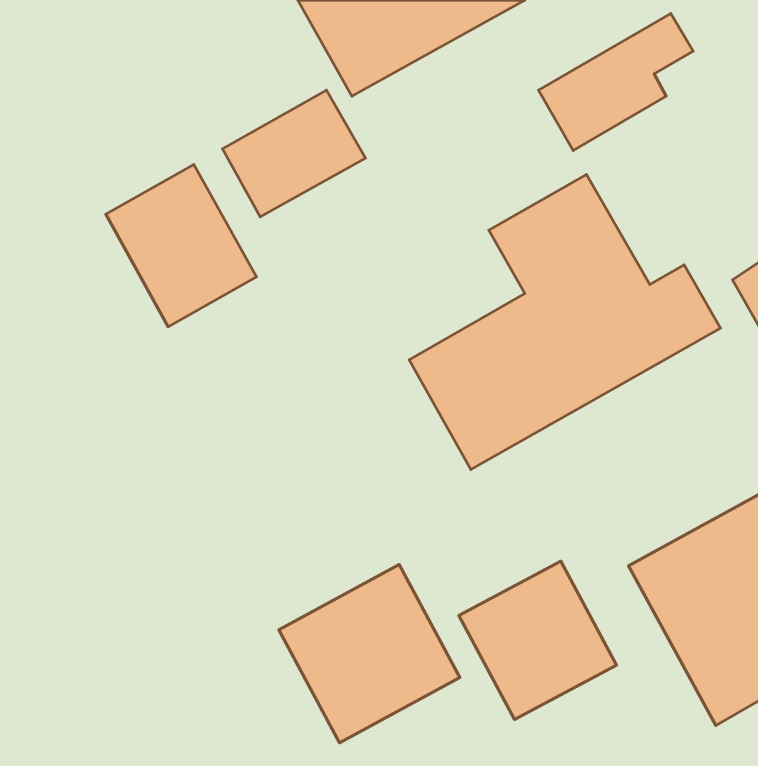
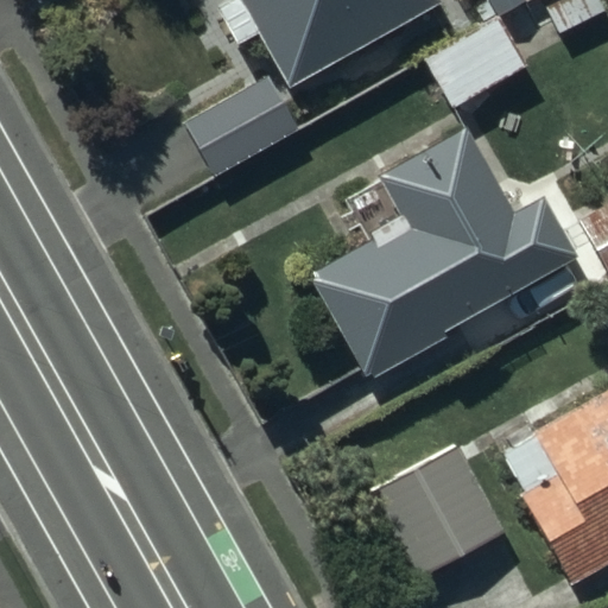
building: [106,164,256,327] -> none
building: [279,564,460,743] -> none

